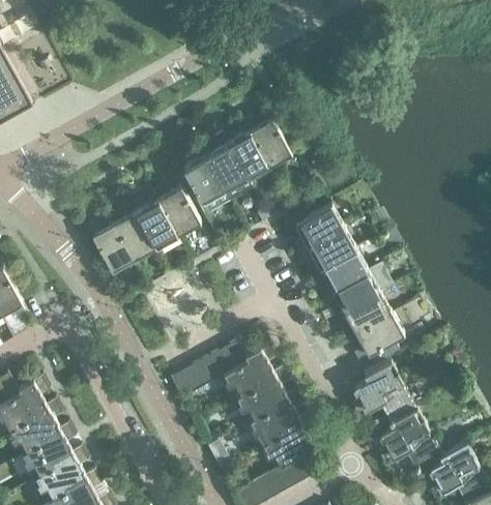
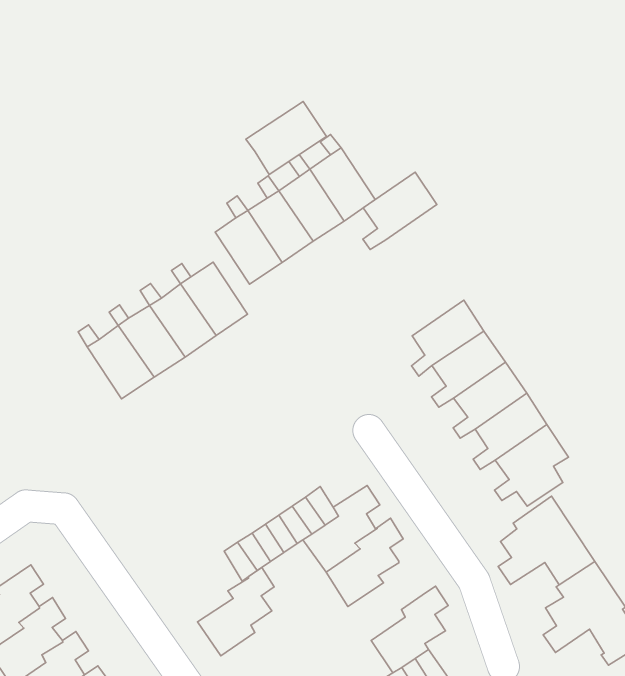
building: none -> [246,101,326,174]
building: [293,206,344,255] -> [363,172,437,250]
building: [250,392,302,448] -> [197,568,274,656]

